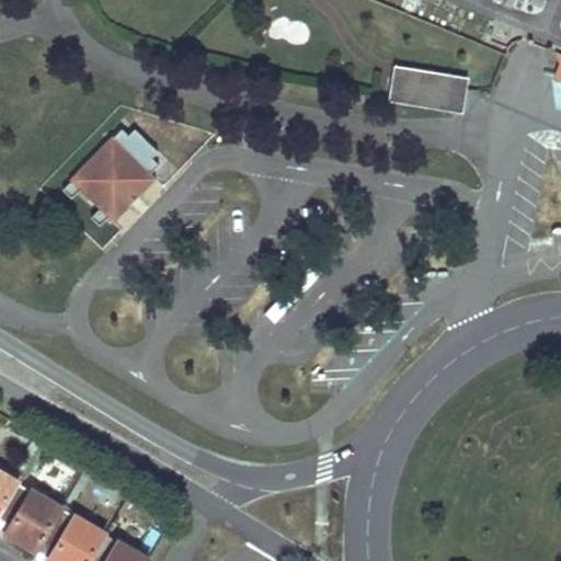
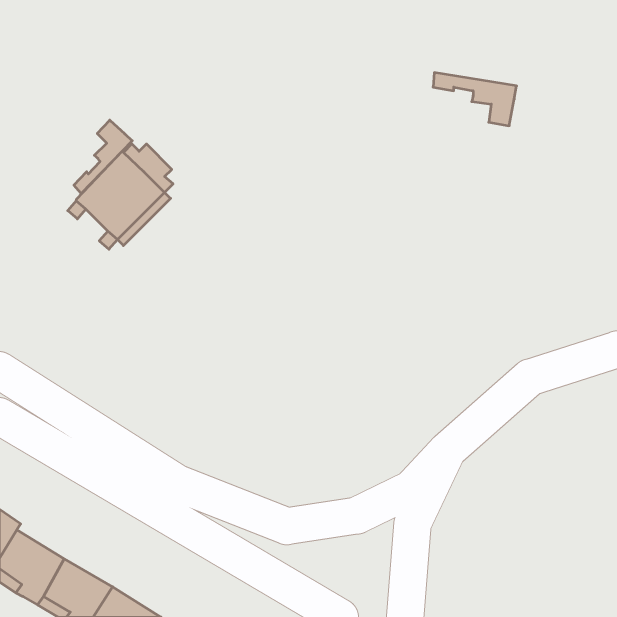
building: [388,79,445,111] -> none
building: none -> [74,120,132,194]

